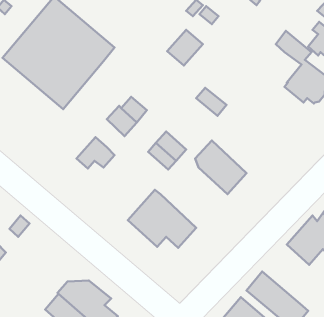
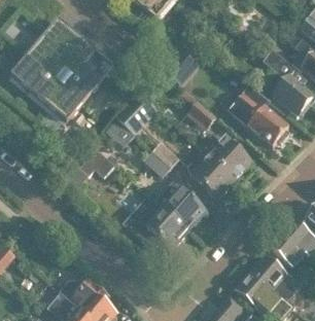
building: none -> [231,87,288,147]
building: none -> [203,139,252,181]
building: none -> [155,182,206,231]
building: none -> [249,255,299,301]

